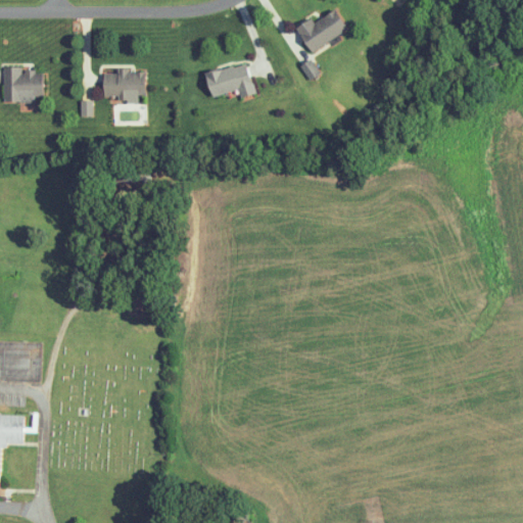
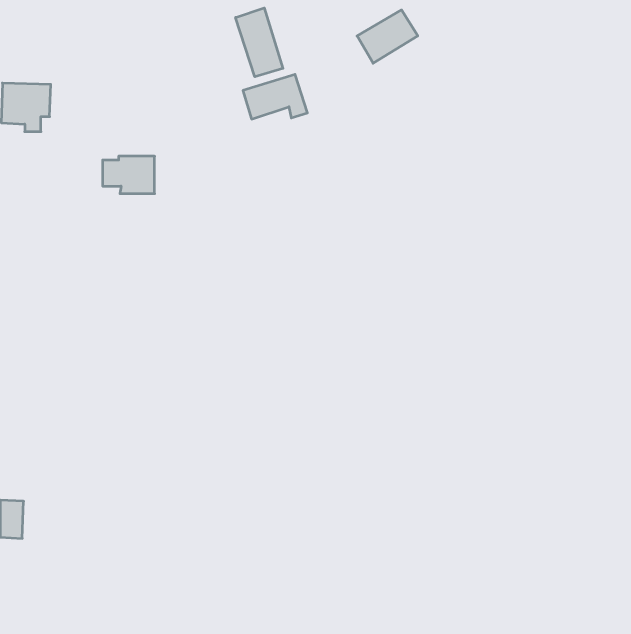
building: none -> [236,8,283,77]
building: [103,70,146,101] -> [103,156,155,194]

